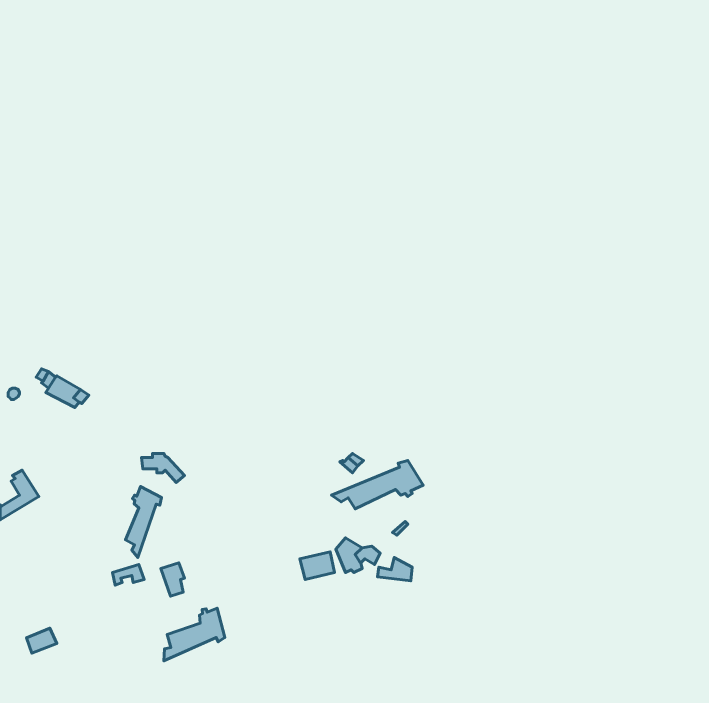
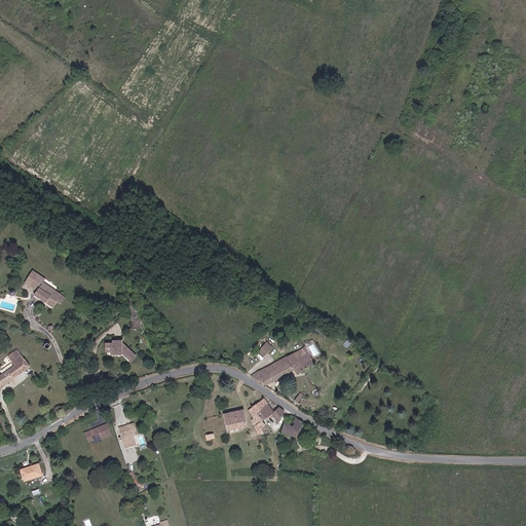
building: [125,486,161,558] -> none
building: [164,608,225,661] -> none

